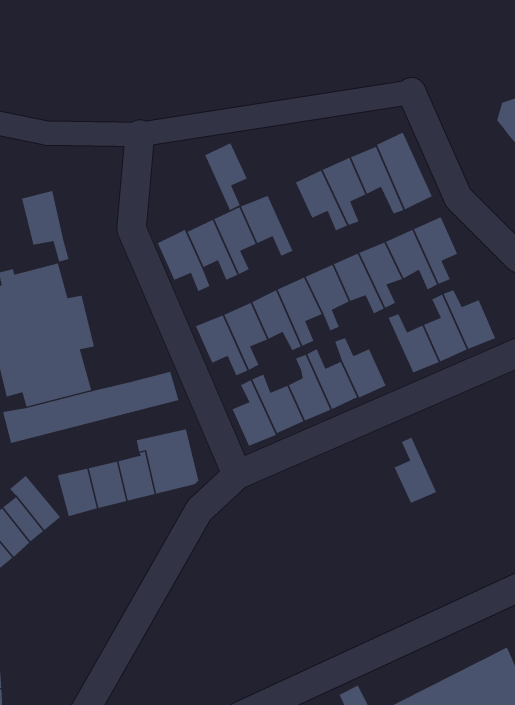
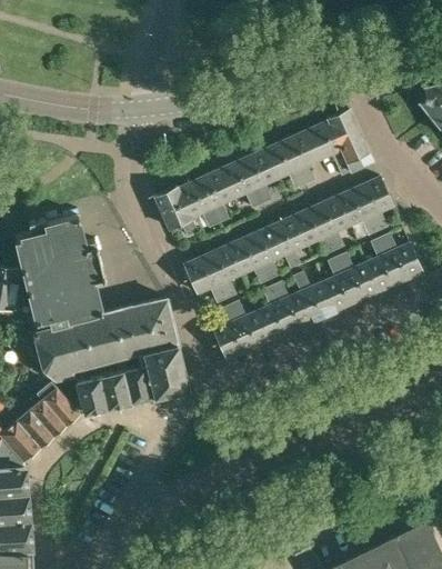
building: [204,142,248,211] -> [241,150,275,204]
building: [21,190,69,262] -> none
building: none -> [38,322,177,381]
building: [394,436,437,504] -> [321,257,355,310]

